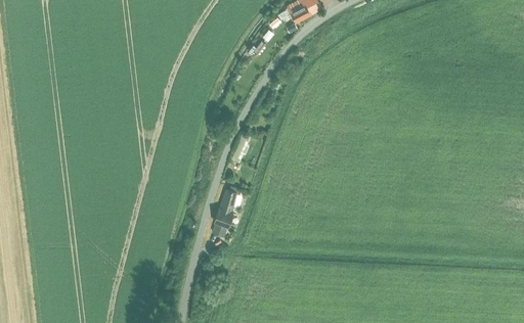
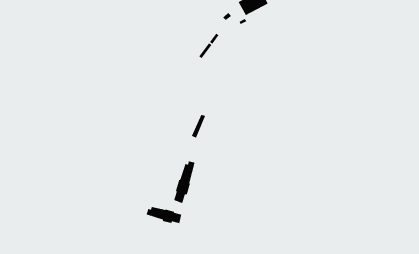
building: none -> [145,206,182,224]

